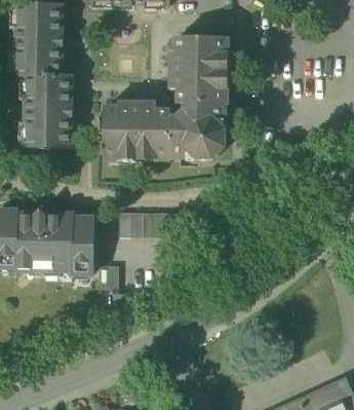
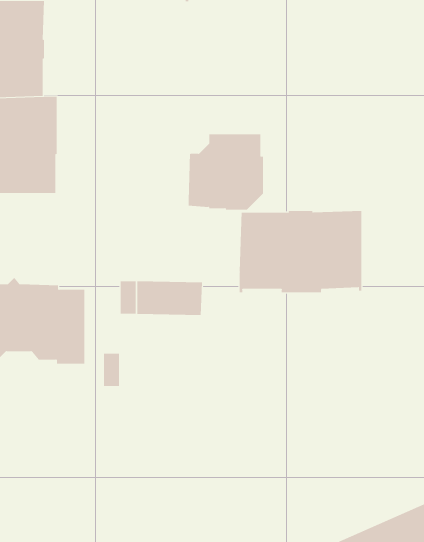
building: [170,37,228,104] -> none
building: [104,103,170,160] -> none
building: none -> [239,210,362,293]

